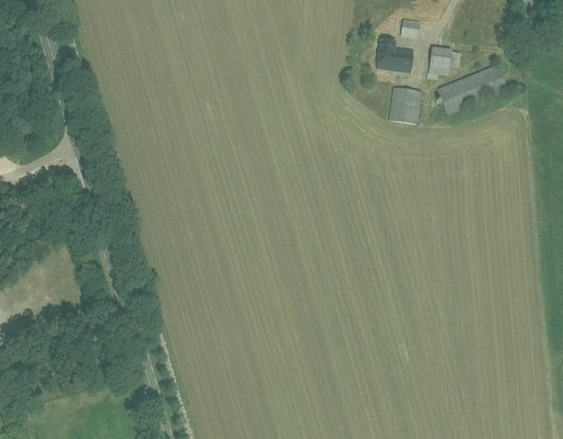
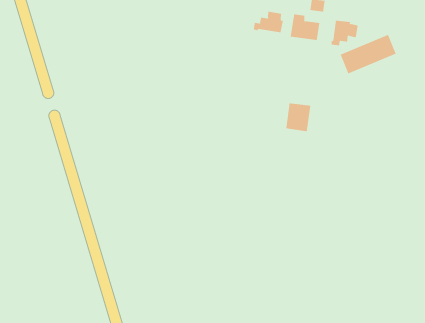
building: none -> [253,11,283,33]
building: [389,87,421,123] -> [285,103,311,132]

